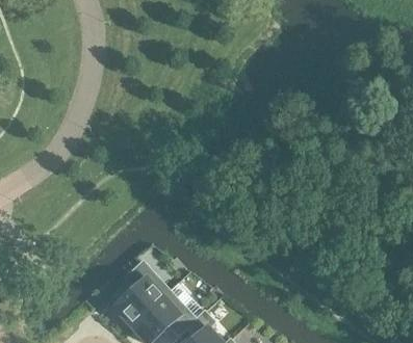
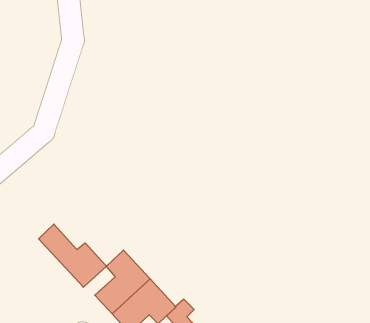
building: none -> [39,224,106,287]

